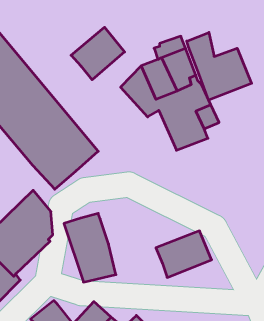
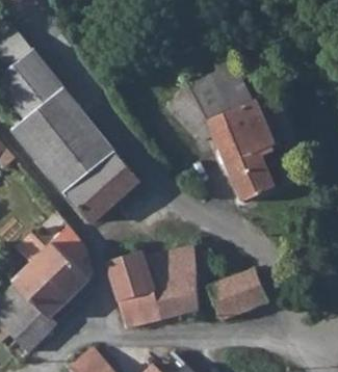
building: [71,27,125,80] -> none
building: [187,32,252,100] -> none
building: none -> [230,166,275,202]
building: none -> [145,246,199,319]

